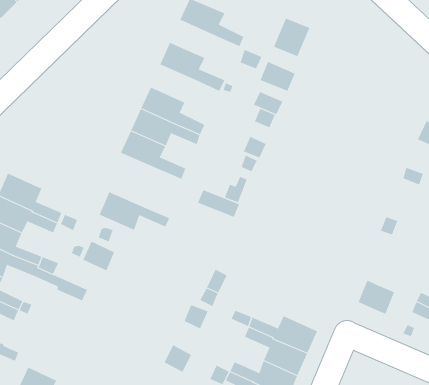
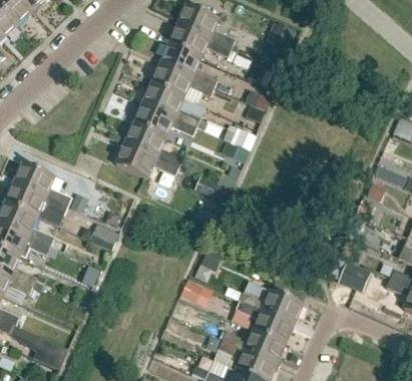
building: none -> [168,24,232,58]
building: none -> [151,64,214,98]
building: [99,191,170,230] -> [115,143,179,178]

